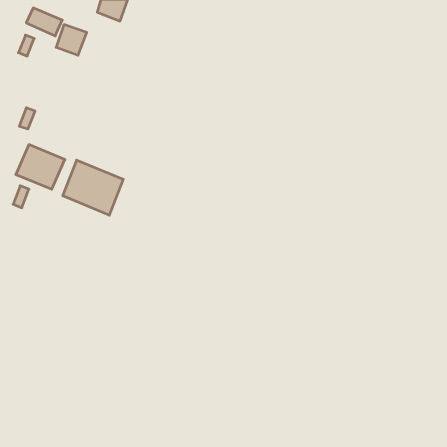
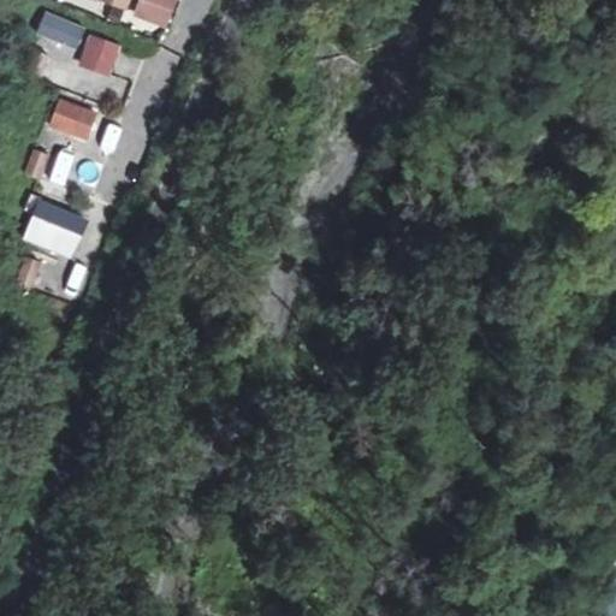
building: none -> [47,99,96,141]
building: [63,160,123,215] -> none

